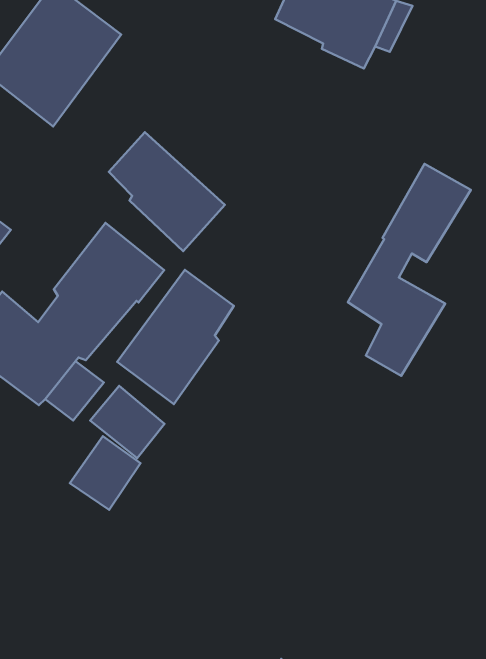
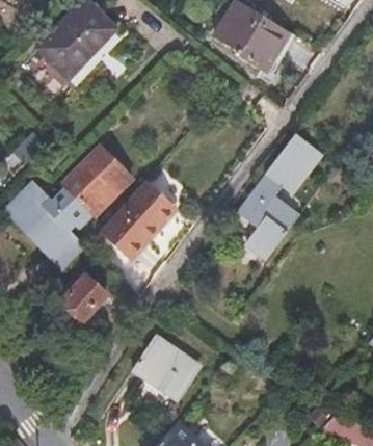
building: [109,132,225,251] -> none
building: [90,386,164,458] -> none
building: none -> [133,337,197,397]

